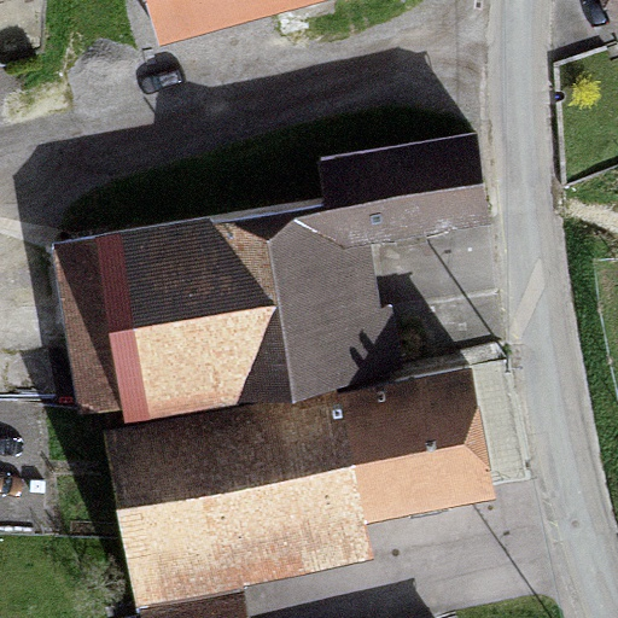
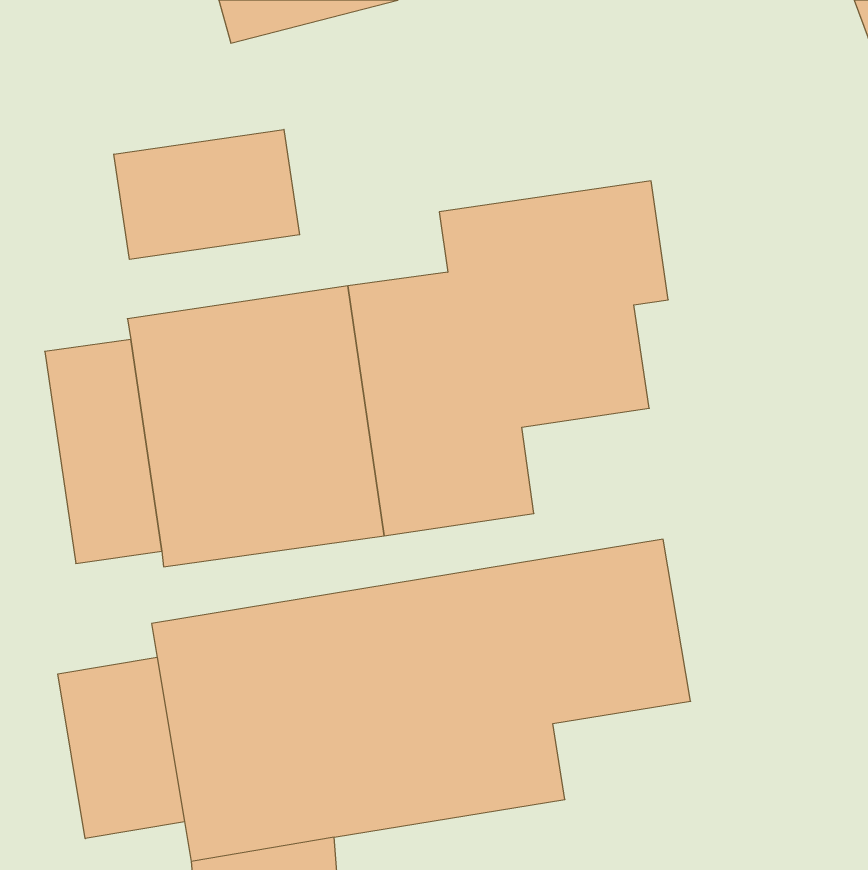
building: none -> [114,129,300,259]
building: none -> [58,657,184,839]

